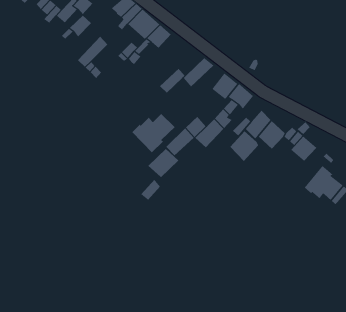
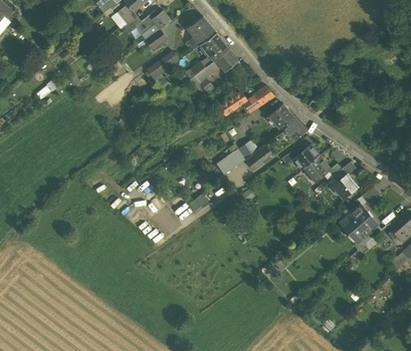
building: [132,113,175,153] -> none
building: [229,130,259,162] -> none
building: [148,148,179,178] -> none

